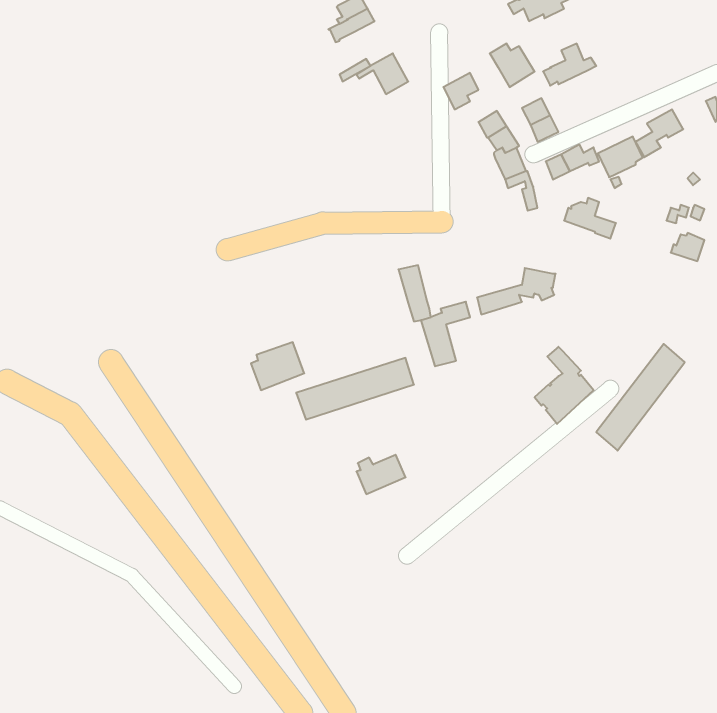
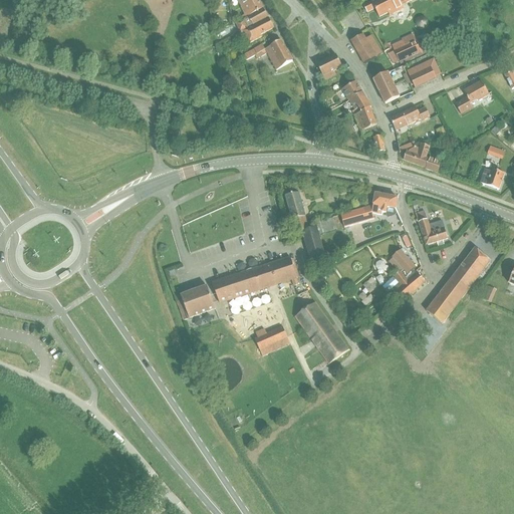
building: none -> [243,15,274,41]
building: [598,137,643,177] -> [408,56,440,85]
building: none -> [416,209,448,243]
building: [251,342,304,390] -> [177,284,215,318]
building: none -> [295,300,349,361]

